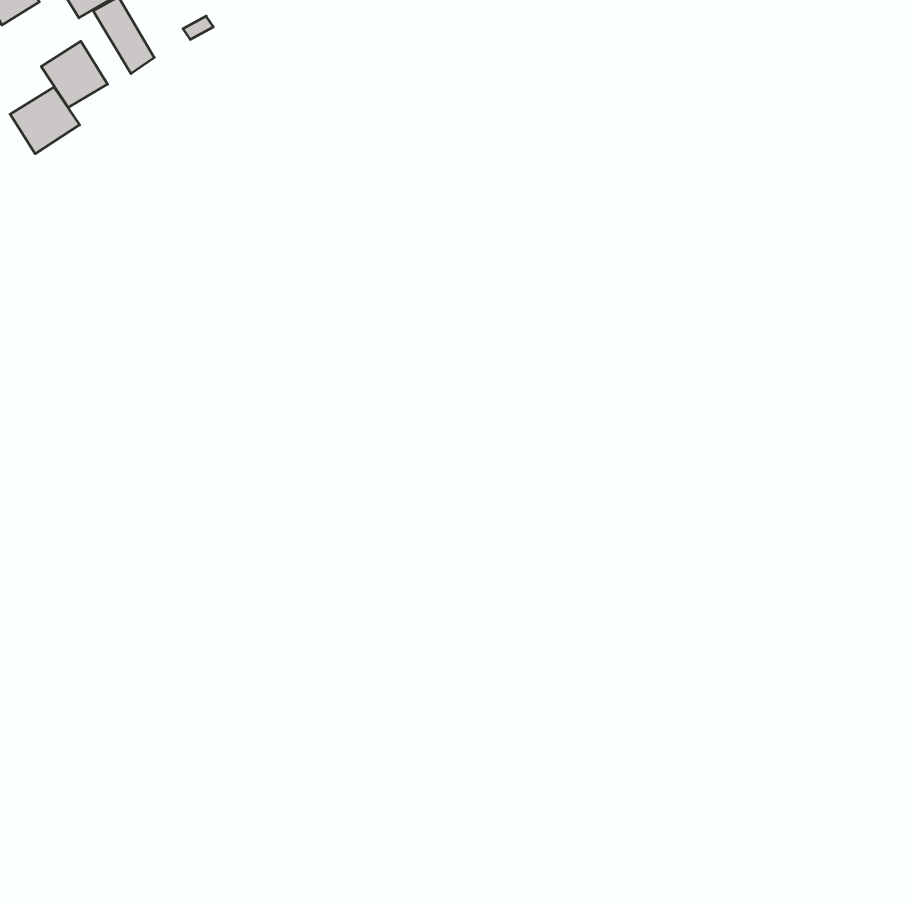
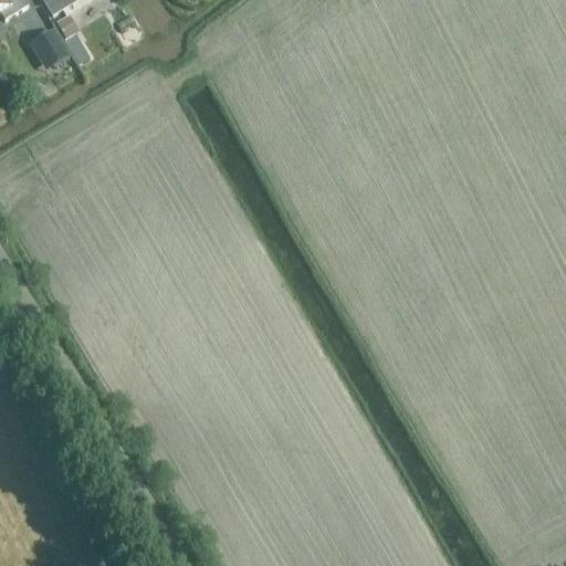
building: [10,87,80,154] -> none

